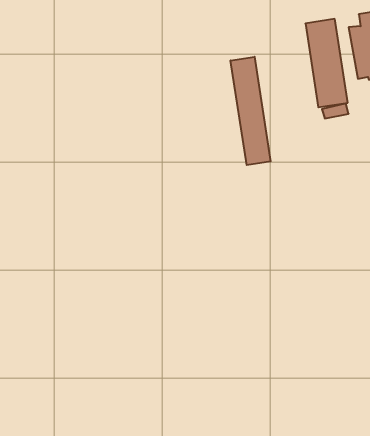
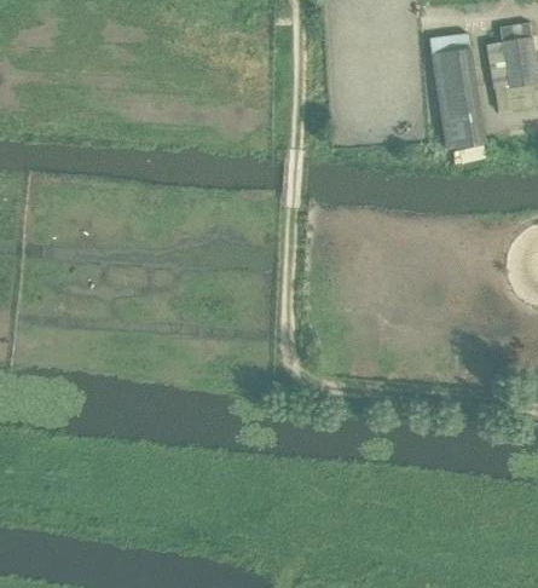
building: [231,57,271,165] -> none

